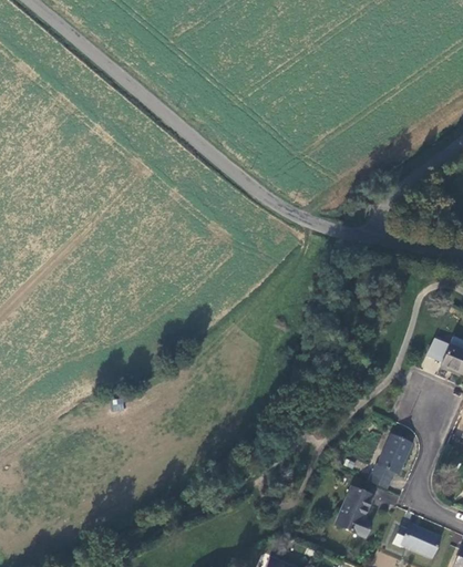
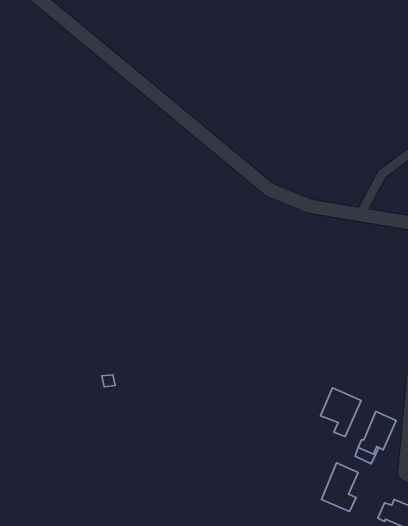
building: none -> [321,388,361,436]

